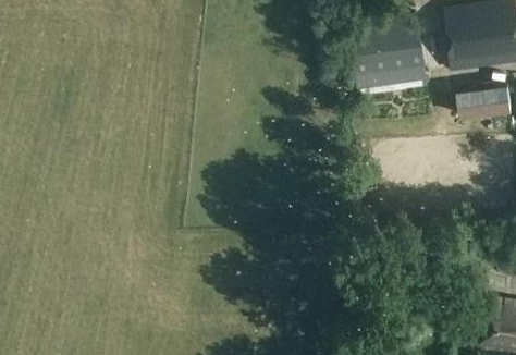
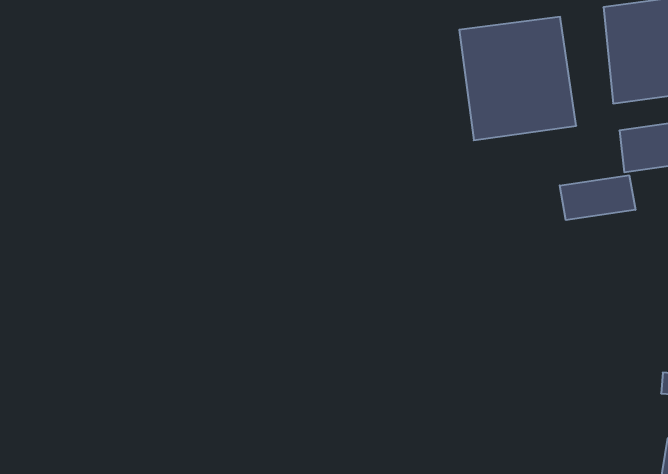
building: none -> [560,175,635,220]

